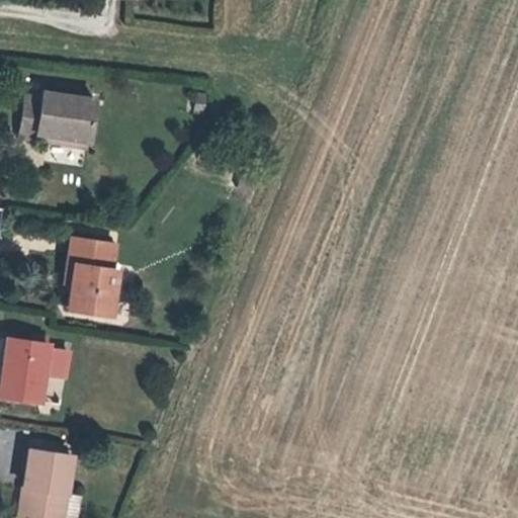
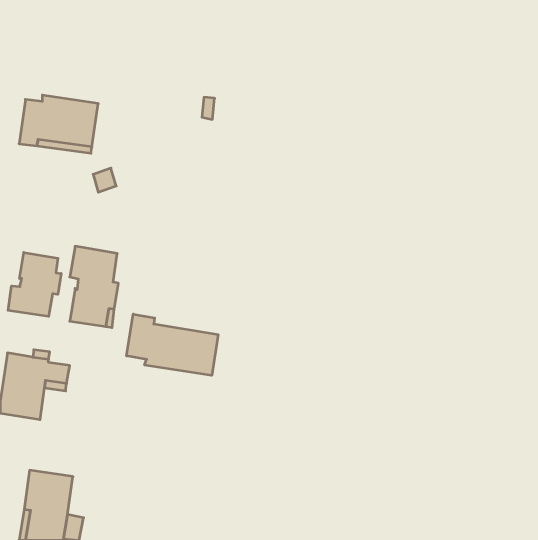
building: none -> [8,252,61,316]
building: none -> [127,314,218,375]

